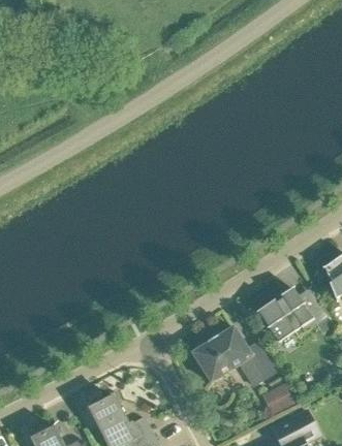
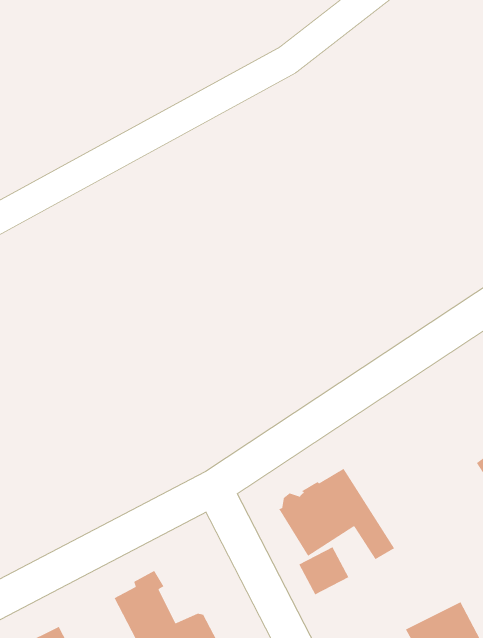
building: [259,287,313,341] -> none
building: [262,382,294,413] -> [298,546,349,596]

